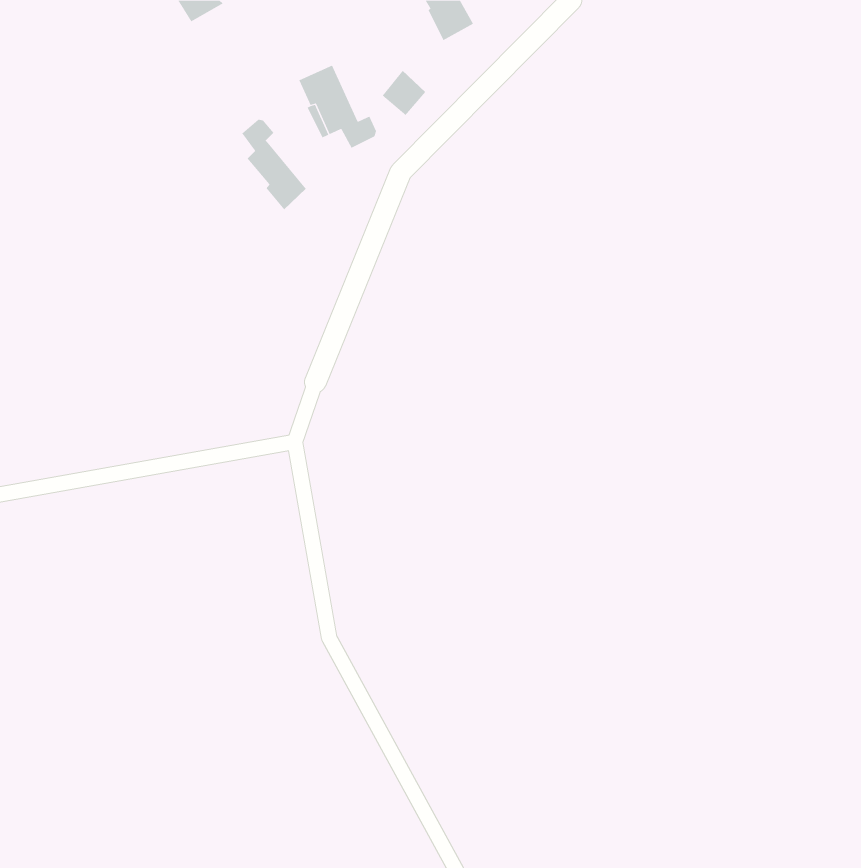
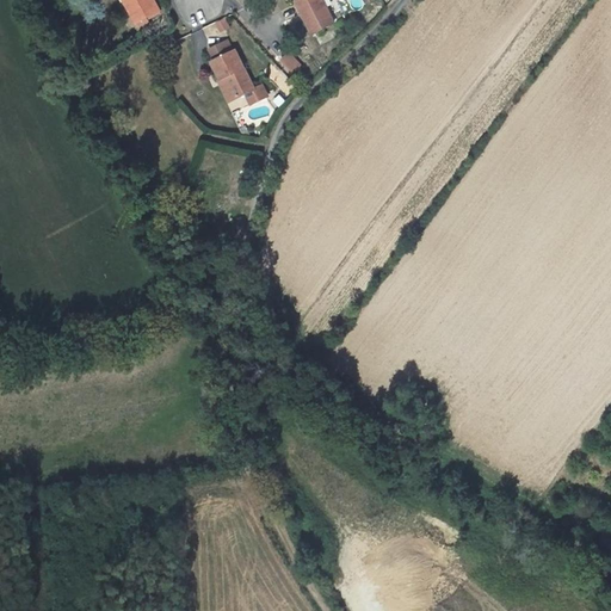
building: [242,119,307,210] -> none

